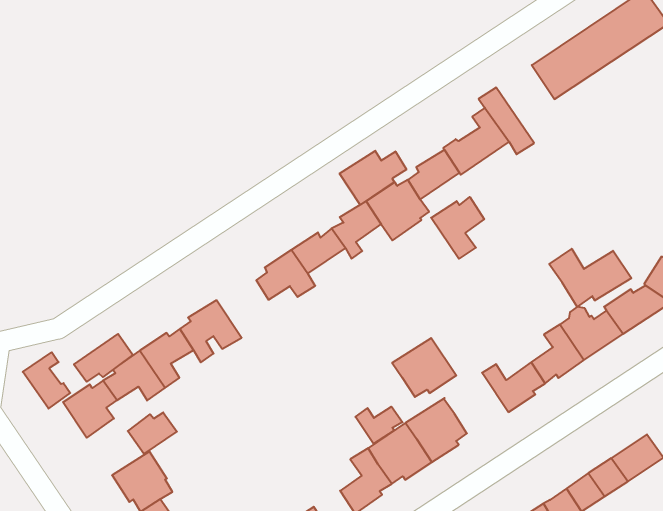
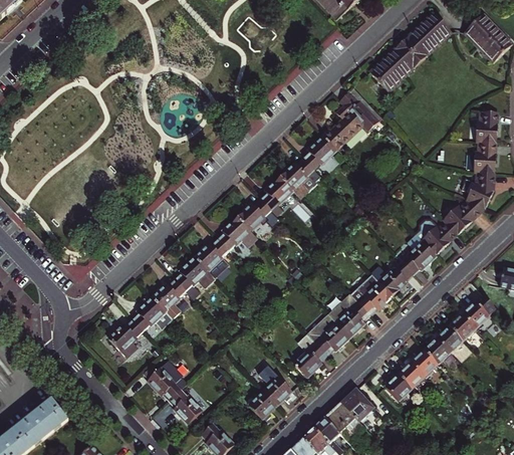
building: [340,151,406,205] -> none
building: [431,197,484,259] -> none
building: [549,249,631,307] -> none
building: none -> [194,240,228,278]
building: [74,334,133,382] -> none
building: [392,338,456,397] -> [349,275,392,314]
building: [23,352,70,409] -> none
building: [355,407,403,444] -> none
building: [128,412,177,454] -> none

